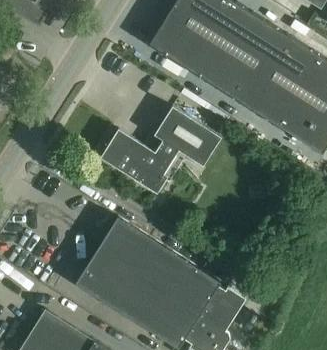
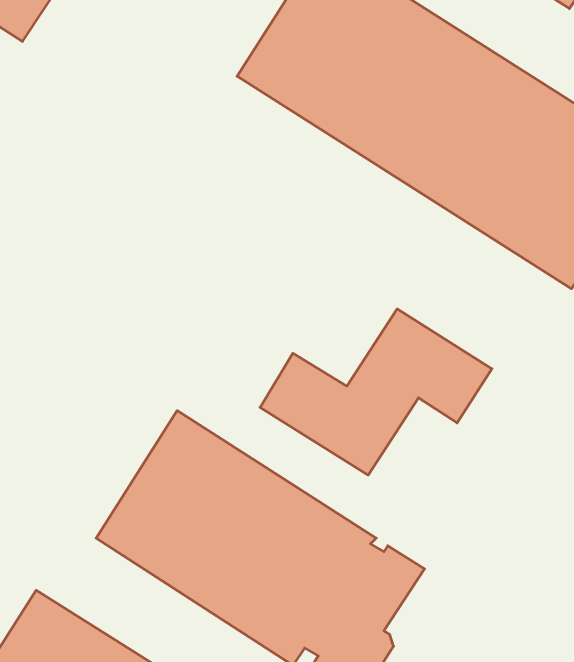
building: [101,106,221,192] -> [260,309,492,475]

